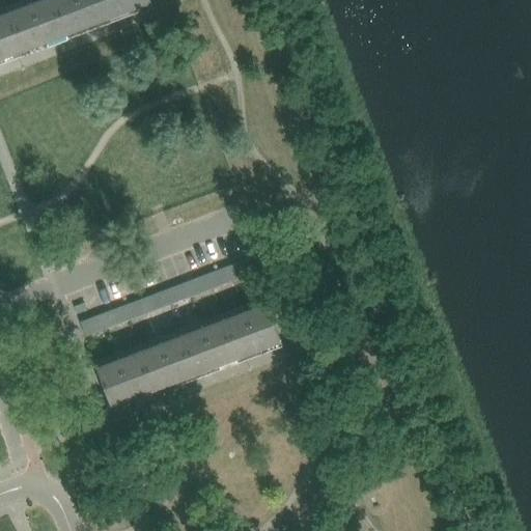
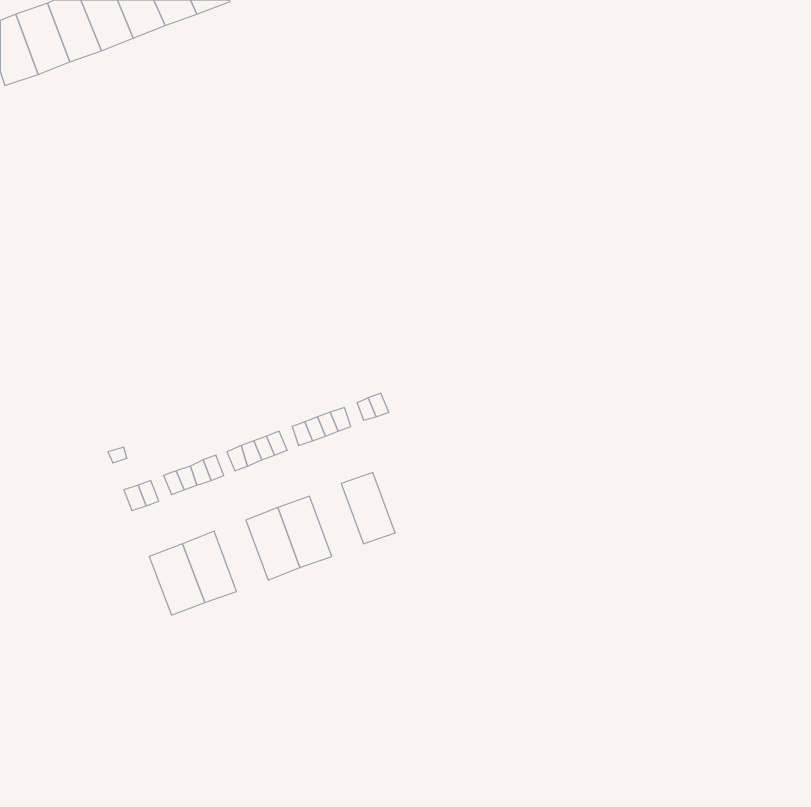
building: [244,303,280,351] -> none
building: [202,318,237,366] -> none
building: [140,342,175,389] -> none

